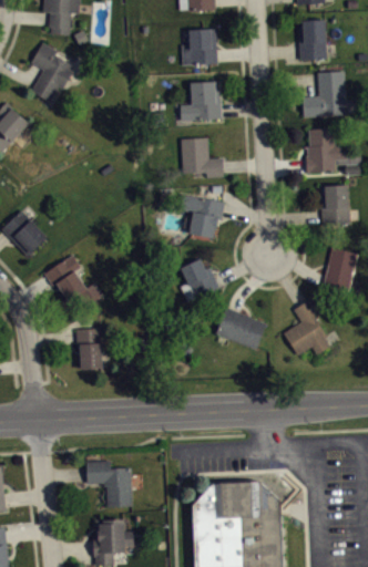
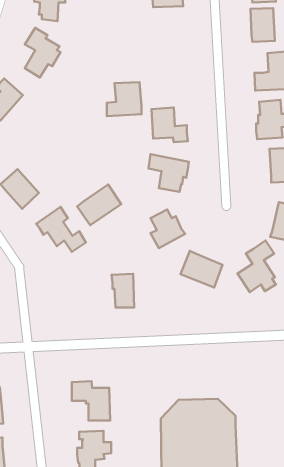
building: [182,29,217,65] -> none
building: [180,82,221,122] -> [107,82,142,116]
building: none -> [77,184,121,225]
building: [75,329,102,369] -> [112,274,134,308]

